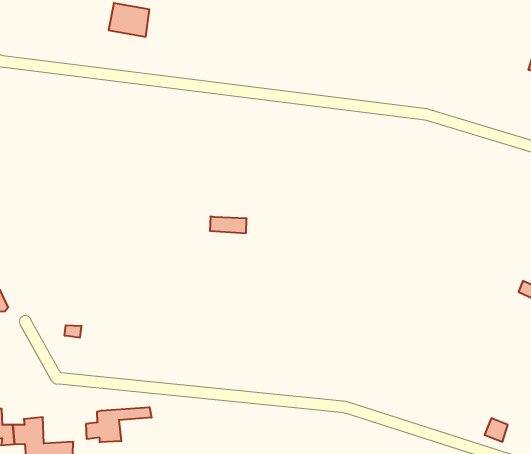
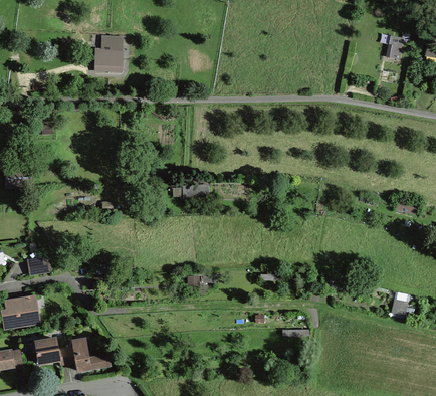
building: [86,407,152,442] -> none

